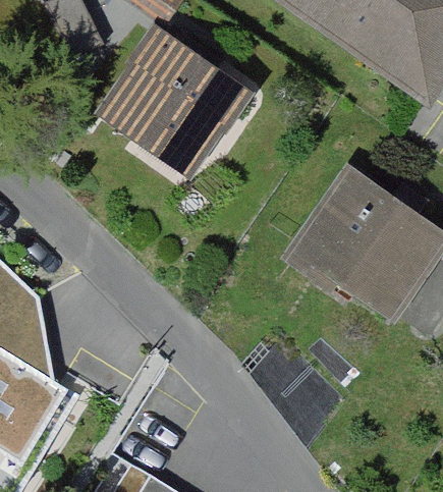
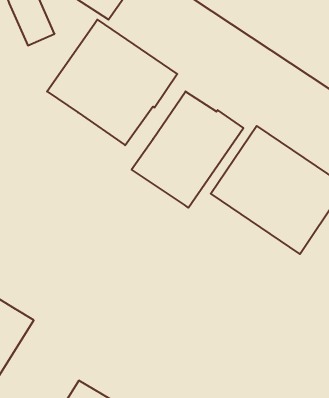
building: none -> [132,91,243,208]

